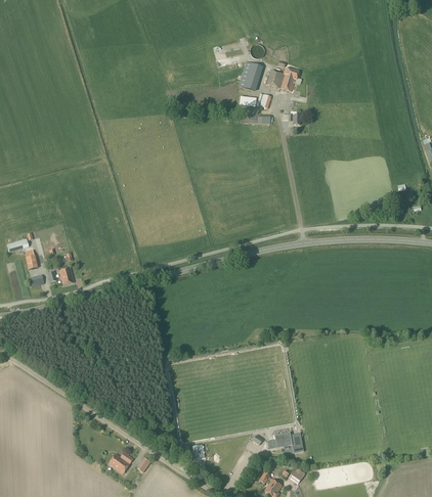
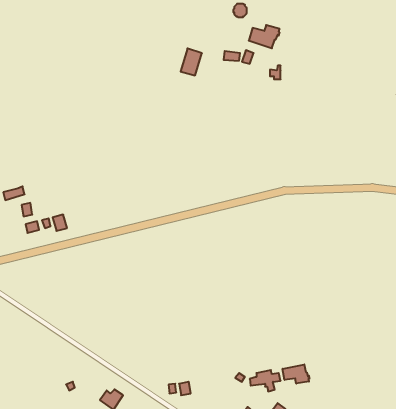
building: [239,61,261,90] -> [181,48,202,75]
building: none -> [283,364,309,384]

